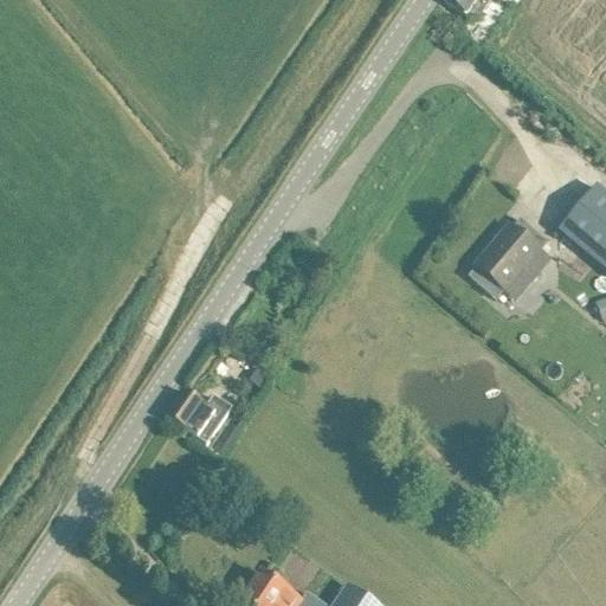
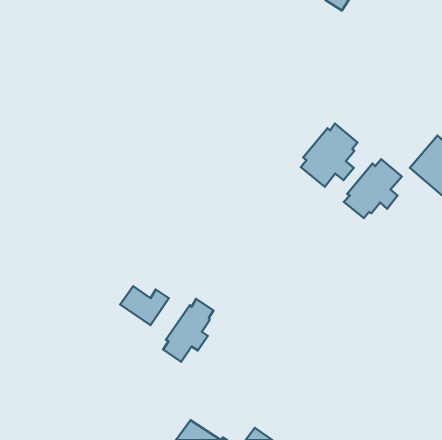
building: none -> [301,124,357,187]
building: none -> [163,299,214,362]

